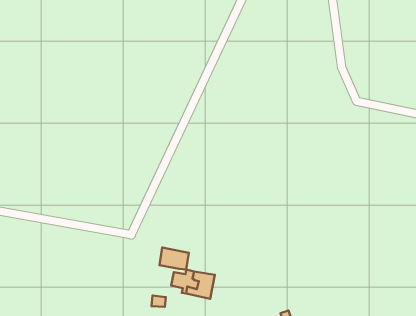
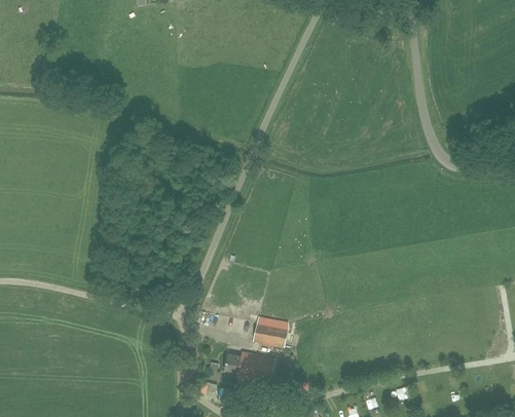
building: [160,247,189,270] -> [254,319,288,345]

